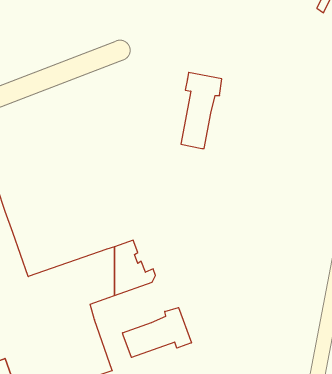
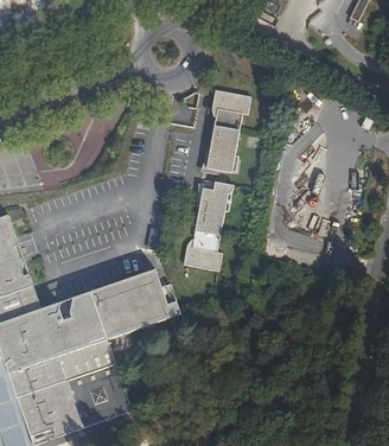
building: none -> [180,181,231,270]
building: [123,308,191,357] -> none

